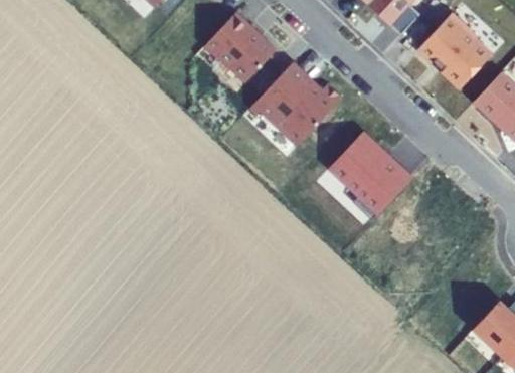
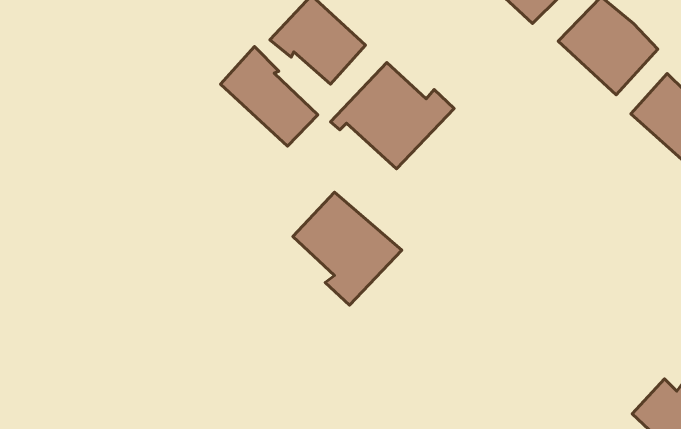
building: none -> [221,47,318,146]
building: [330,135,411,219] -> [293,192,402,305]

